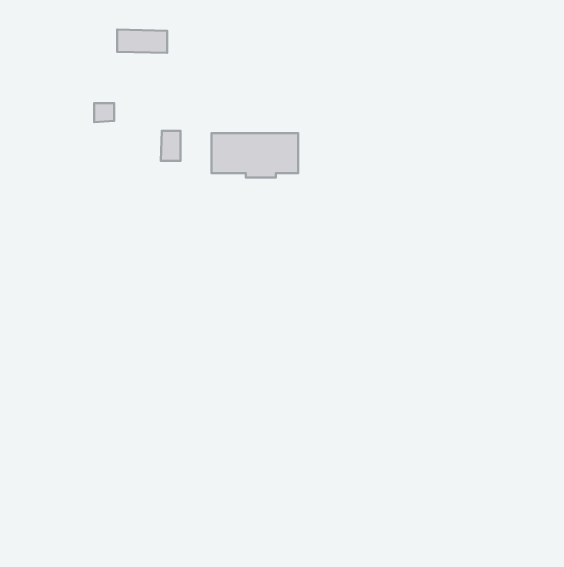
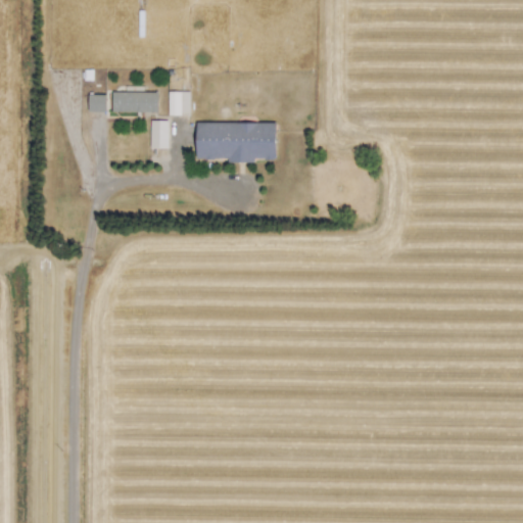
building: [117,30,167,53] -> [112,92,158,113]
building: none -> [169,92,190,115]

